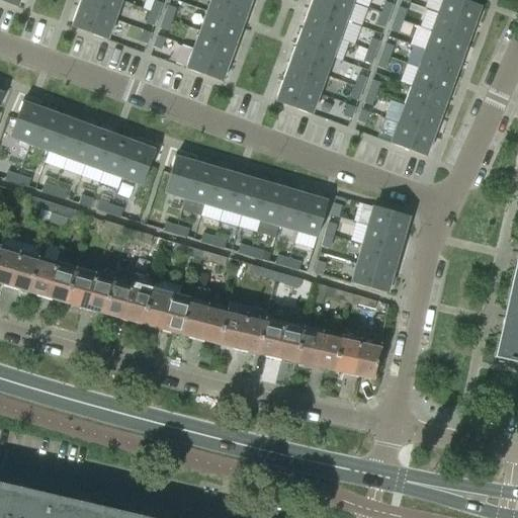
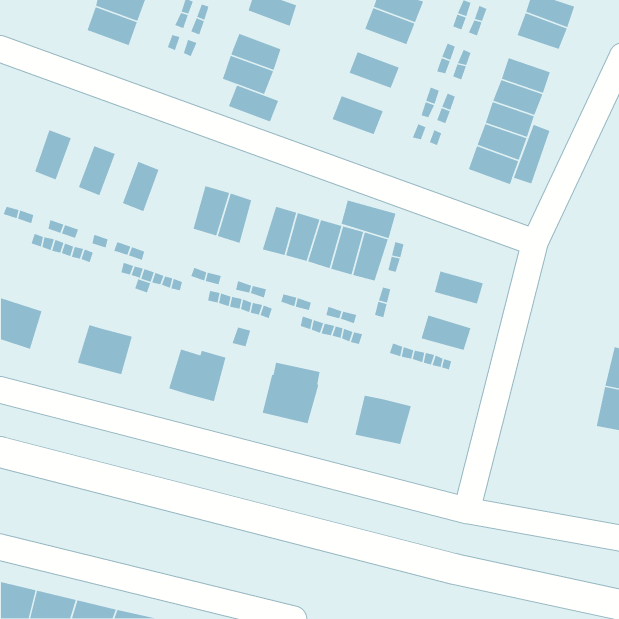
building: [201,9,244,40] -> [228,85,279,122]
building: [299,24,341,56] -> none
building: [425,29,467,60] -> none
building: [286,61,328,92] -> none
building: [11,100,44,143] -> none
building: none -> [513,124,550,184]
building: [50,114,81,156] -> none
building: [86,127,117,169] -> none
building: [122,141,156,183] -> none
building: none -> [341,199,397,239]
building: [202,166,232,207] -> none
building: [368,204,411,235] -> none
building: [358,243,400,272] -> none
building: [28,258,77,301] -> none
building: [104,279,153,323] -> none
building: [181,299,229,343] -> none
building: [259,320,306,361] -> none
building: [336,337,382,377] -> none

